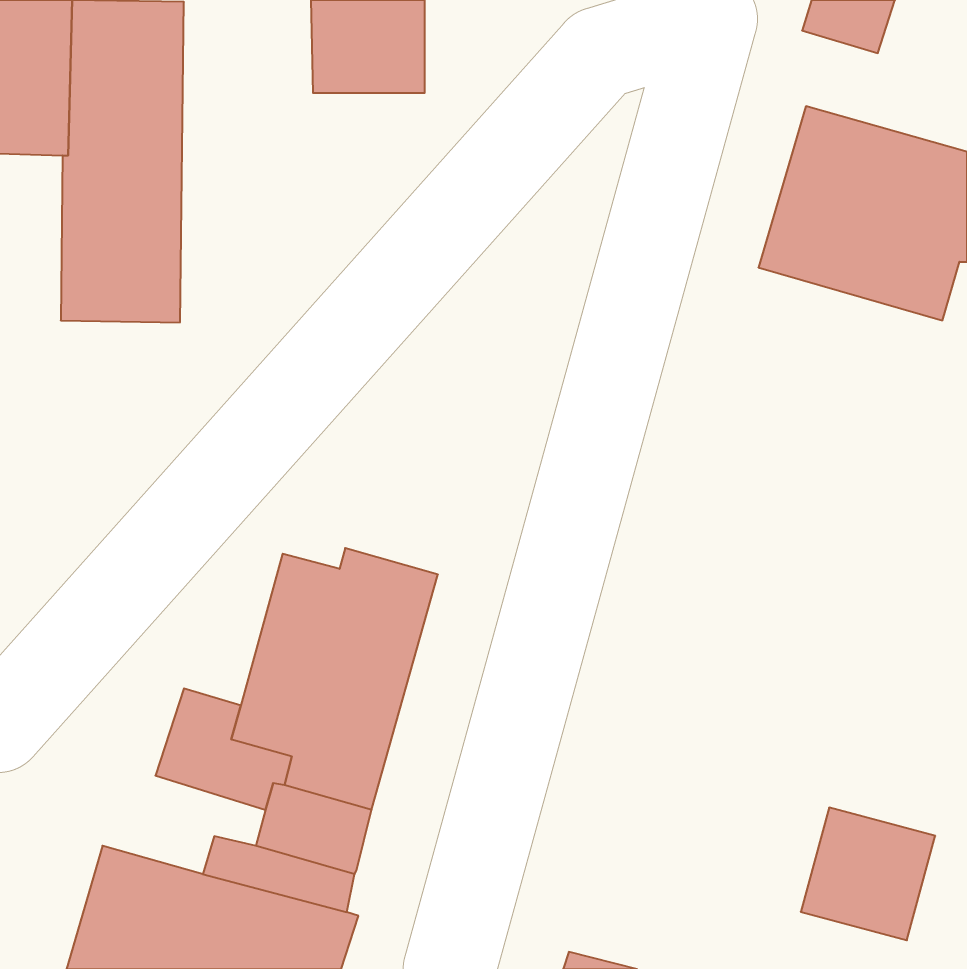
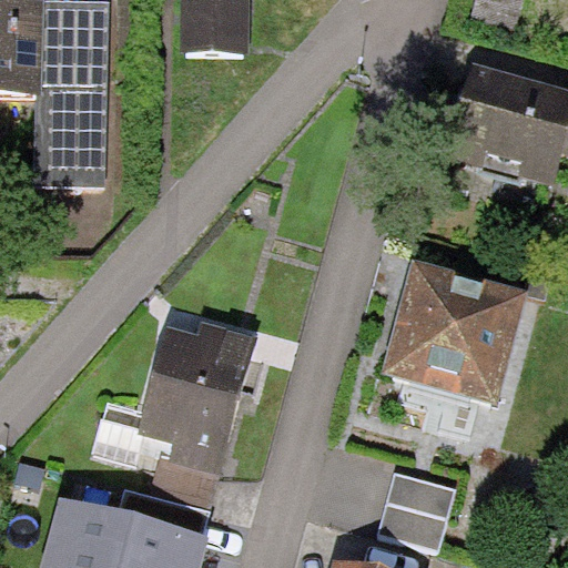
building: none -> [379,258,529,406]
building: [801,808,935,940] -> [376,473,455,550]

